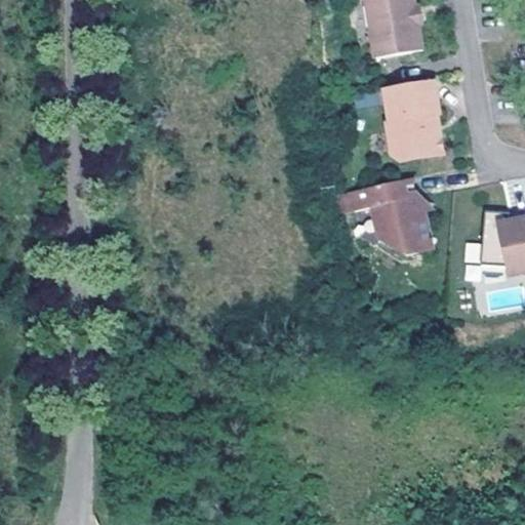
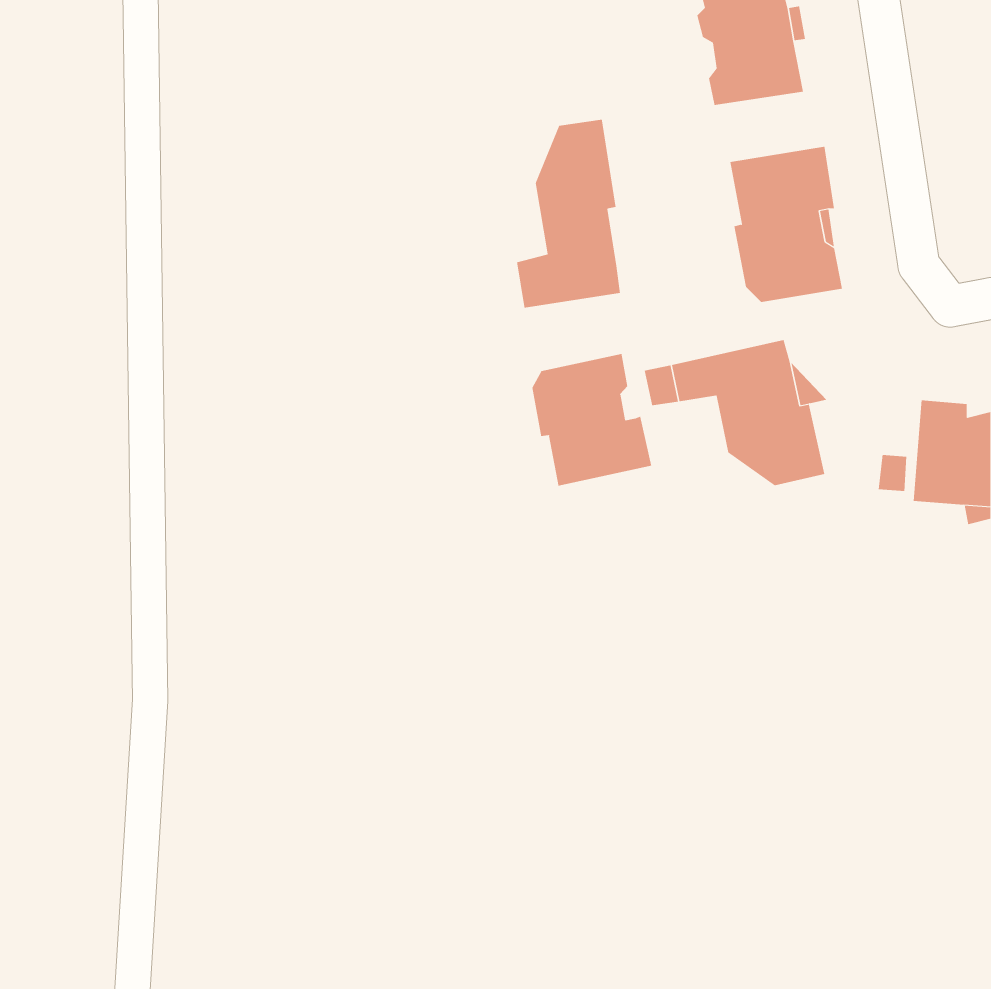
building: none -> [517,119,620,308]
building: none -> [532,353,652,487]

